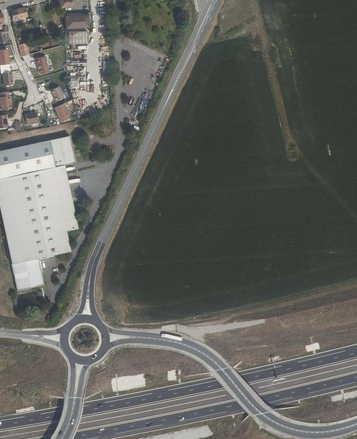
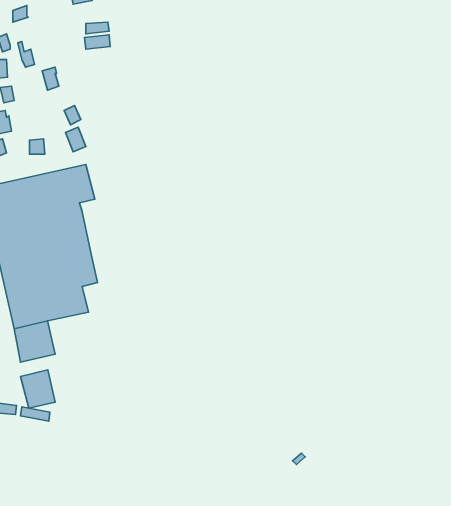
building: none -> [20,370,55,408]

